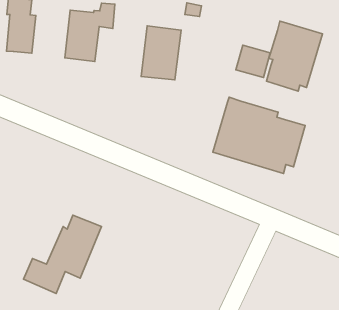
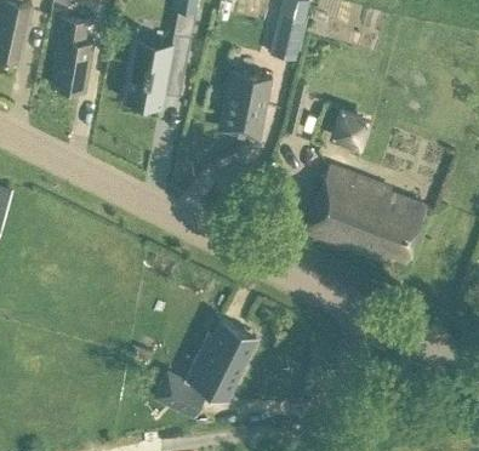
building: [266,21,322,91] -> none
building: [23,215,102,293] -> [155,318,258,415]

